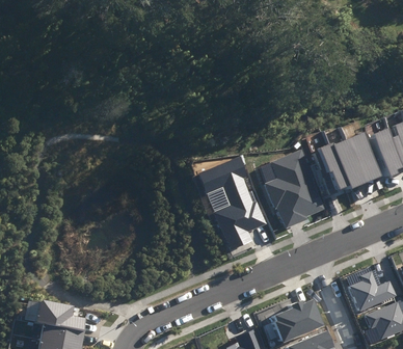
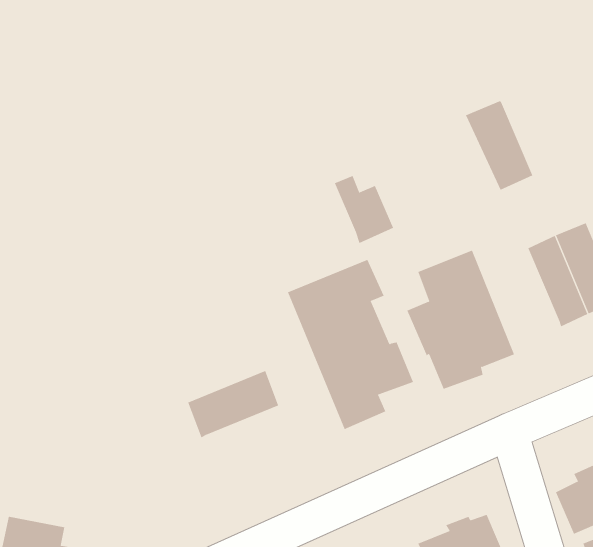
building: none -> [334,175,394,244]
building: [312,146,350,197] -> [465,100,533,190]
building: none -> [188,370,279,438]

